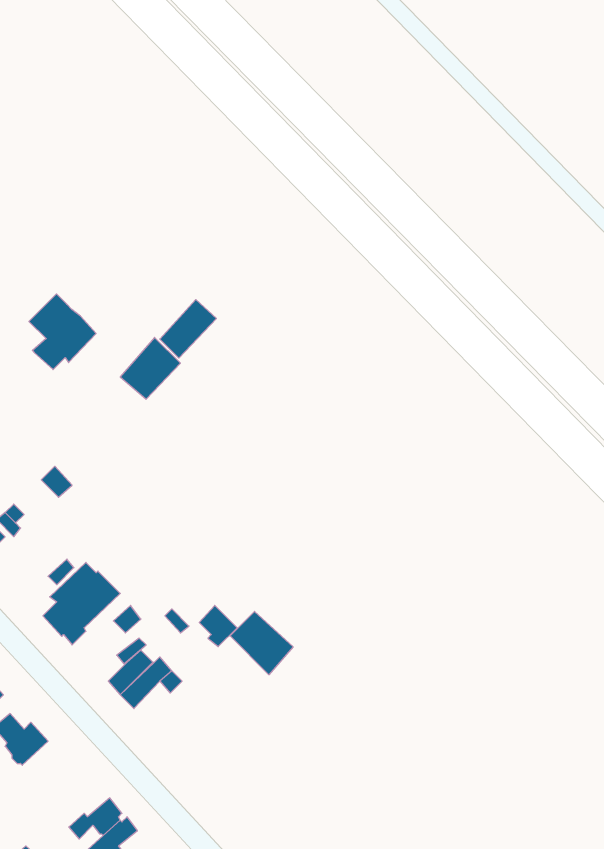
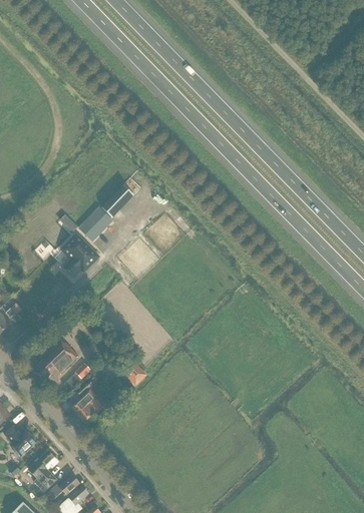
building: [29,294,96,370] -> [59,233,98,278]
building: [230,611,293,675] -> none
building: none -> [27,451,57,492]

